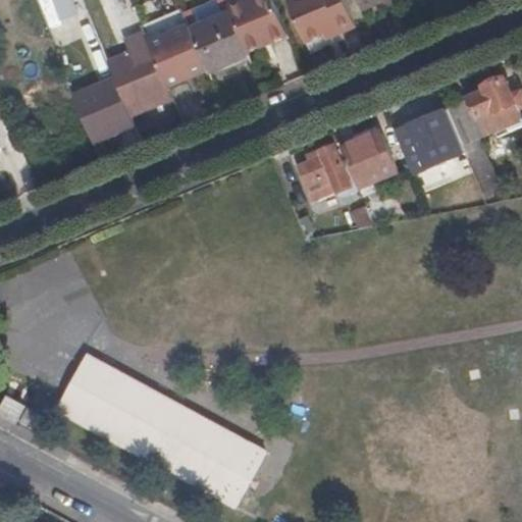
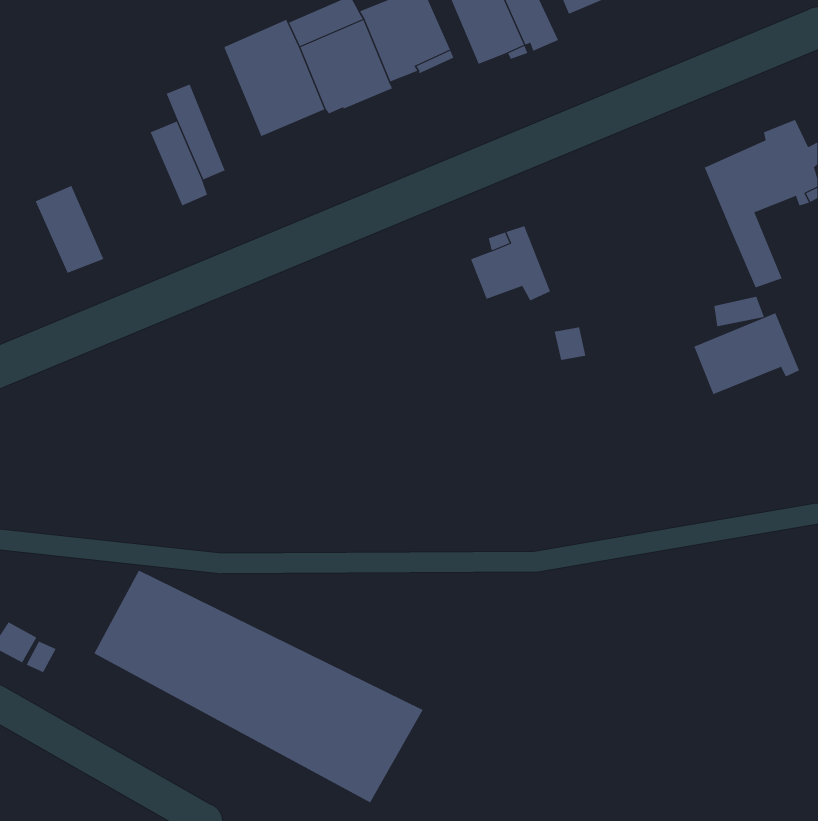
building: [120,31,170,108] -> none
building: [71,84,115,140] -> [35,185,104,274]
building: [395,108,462,160] -> [694,313,800,395]
building: [343,130,397,184] -> none

